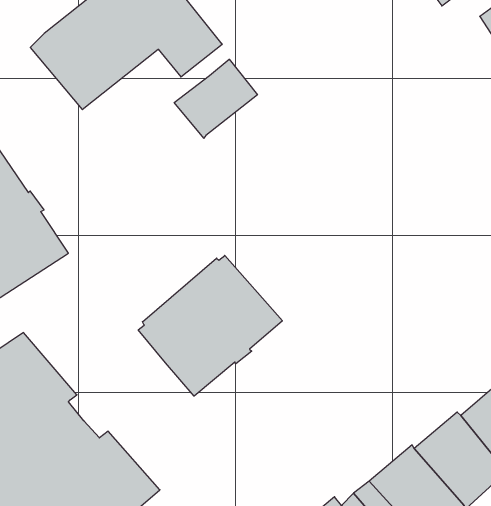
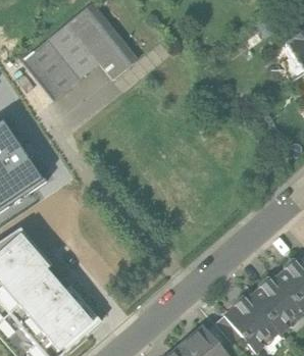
building: [174,59,257,138] -> none
building: [138,255,282,396] -> none

